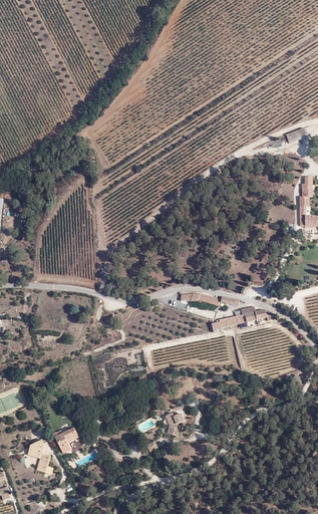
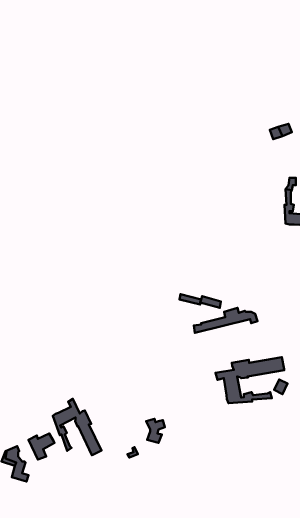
building: none -> [216,357,284,403]
building: none -> [53,399,101,455]

